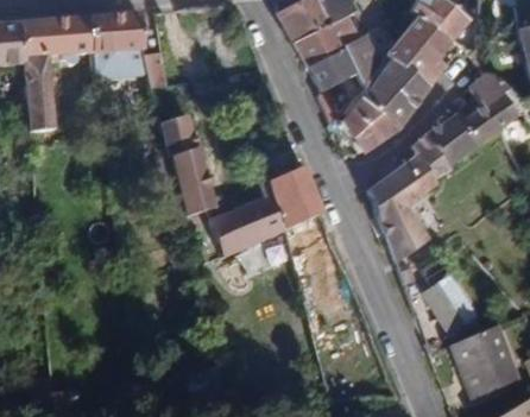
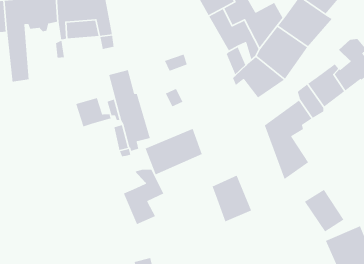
building: none -> [75,97,111,128]
building: [270,164,324,228] -> [212,174,252,222]
building: none -> [123,169,164,225]

